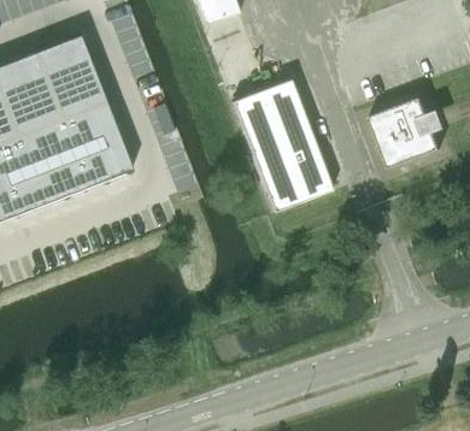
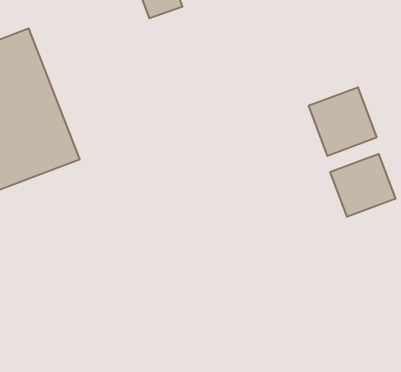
building: [231,79,331,213] -> none
building: none -> [330,154,395,217]

